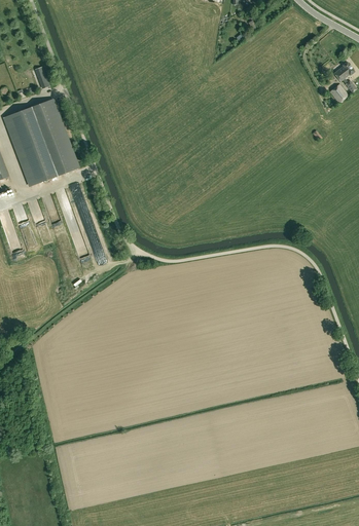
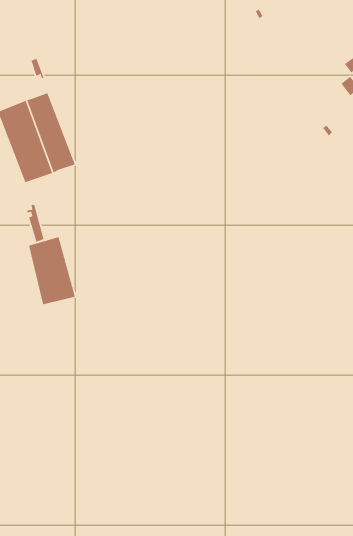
building: none -> [28,236,76,305]

